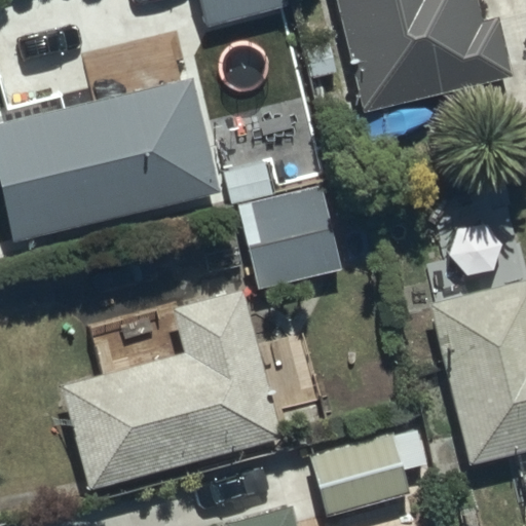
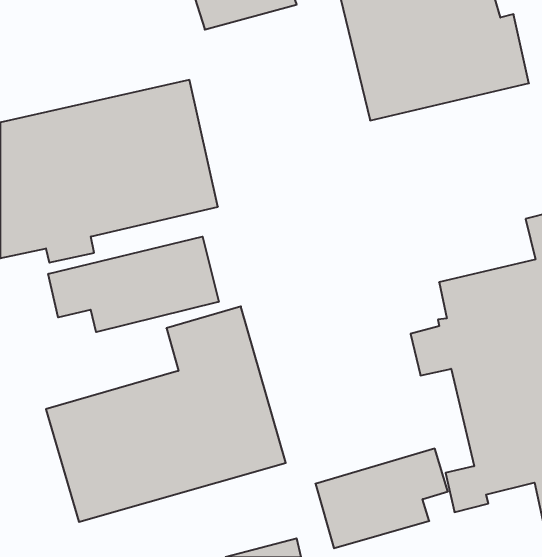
building: [230,160,346,290] -> none
building: none -> [48,237,219,332]

